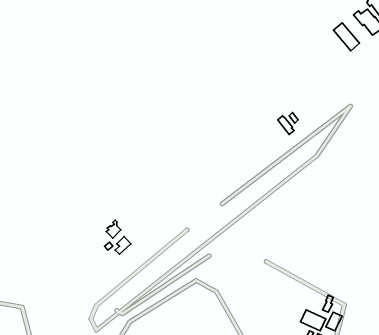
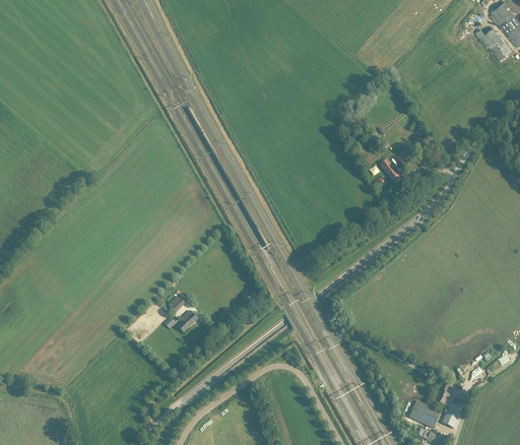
building: [334,23,359,51] -> none

